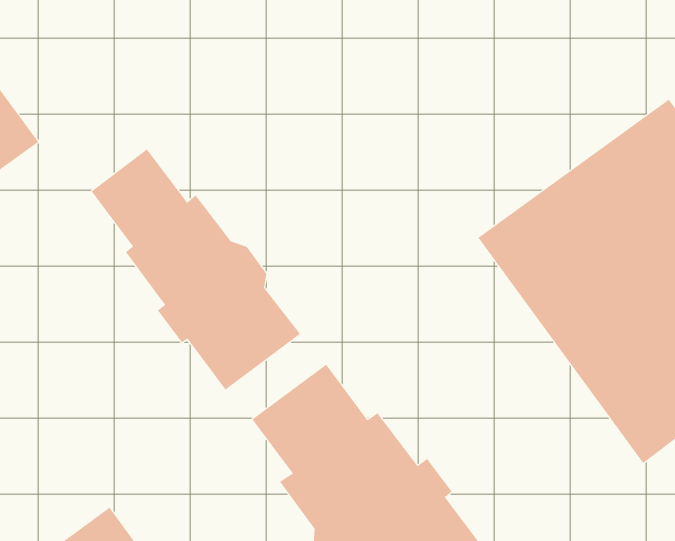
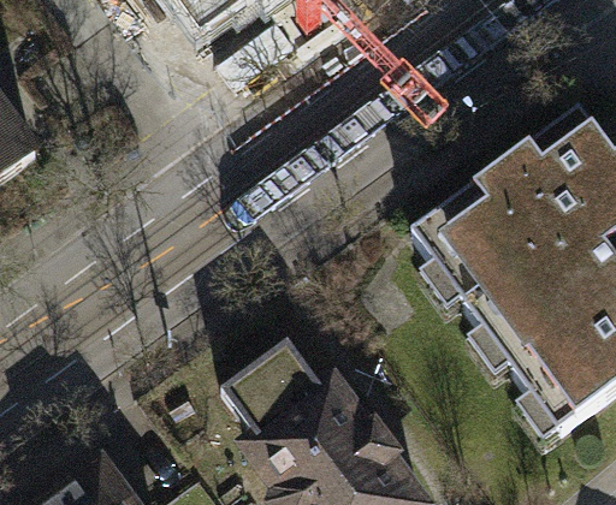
building: [91,149,301,391] -> none

